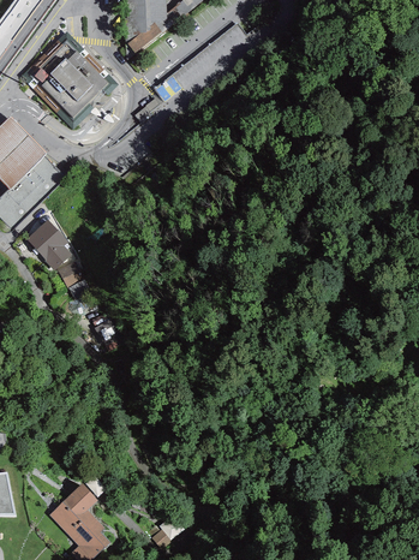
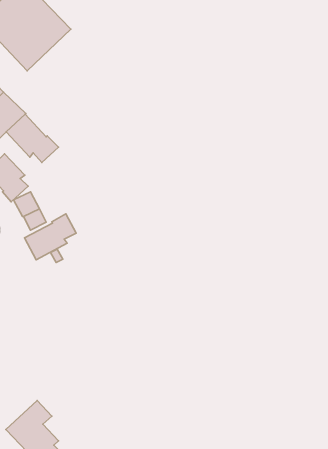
building: none -> [6,114,58,163]
building: none -> [25,214,76,260]

